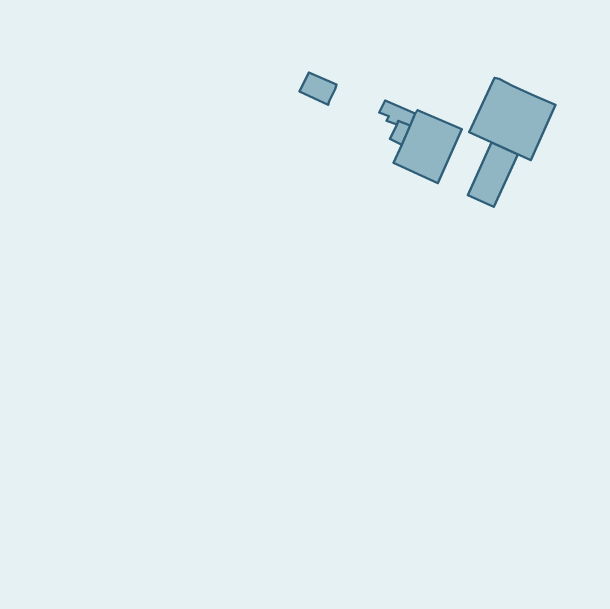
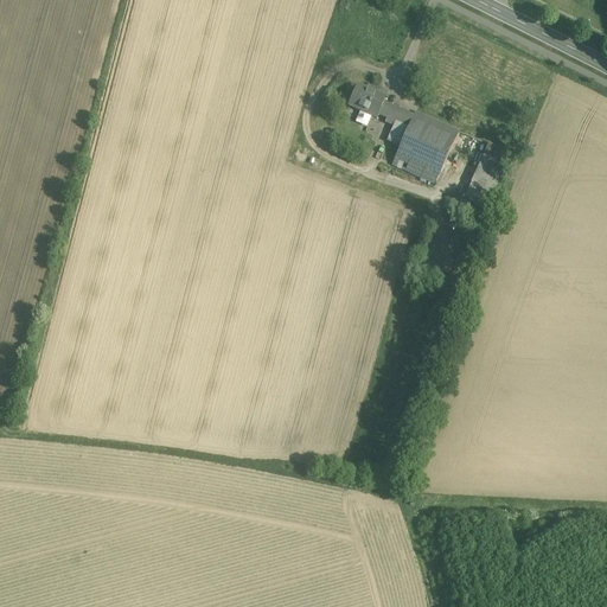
building: [299,72,336,105] -> [346,83,383,115]
building: [469,78,555,160] -> none

